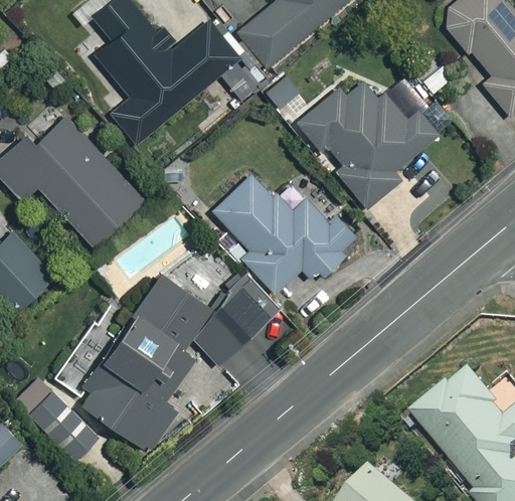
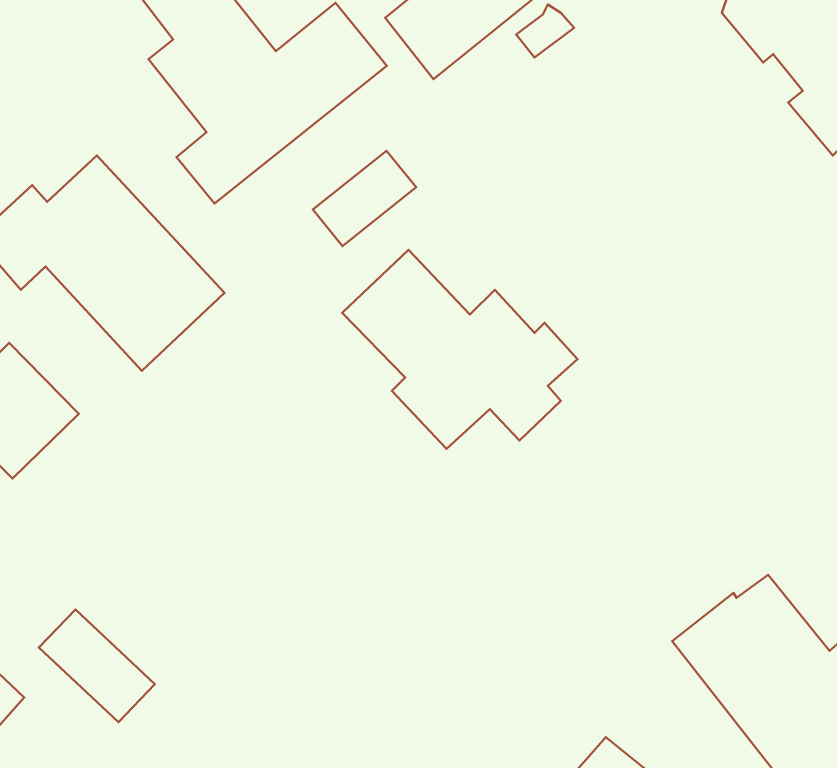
building: [296,79,439,208] -> none
building: none -> [313,151,416,246]
building: [70,268,273,452] -> none

